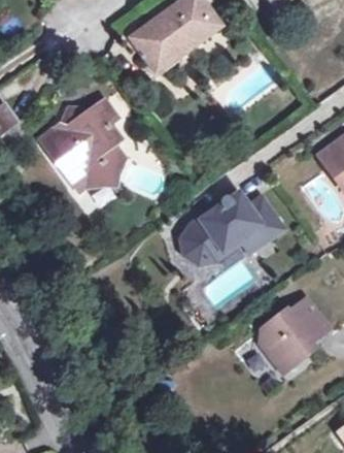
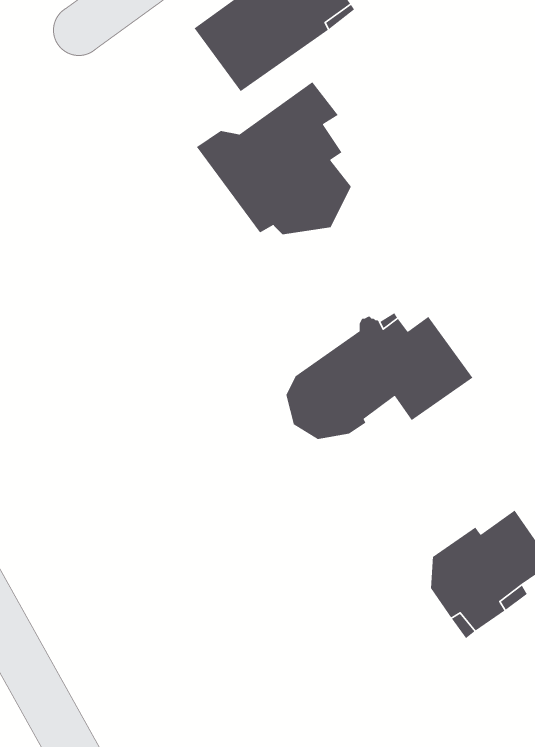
building: [40,99,126,184] -> [196,81,352,235]

